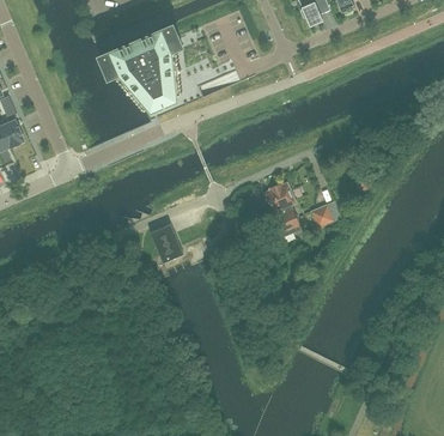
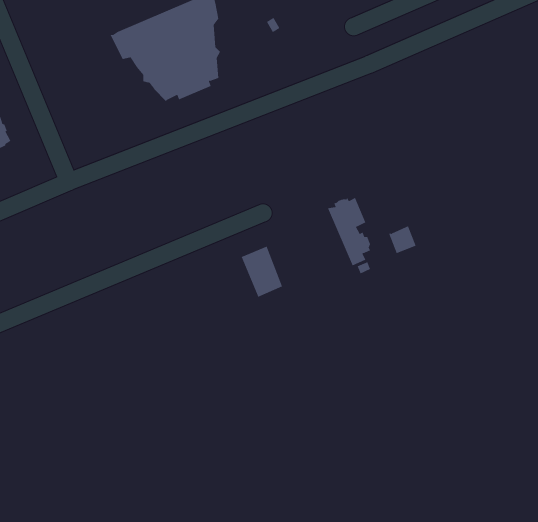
building: [152,222,184,261] -> [241,246,283,297]

